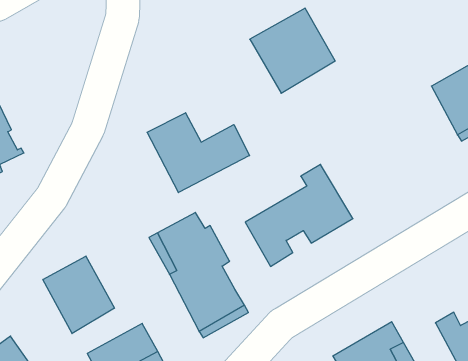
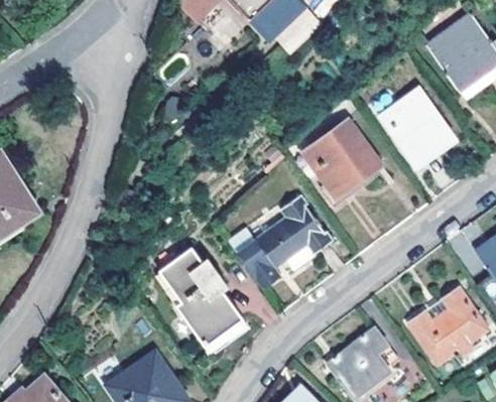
building: [250,8,335,93] -> [304,120,381,196]
building: [147,113,250,193] -> none
building: [43,256,114,334] -> none

